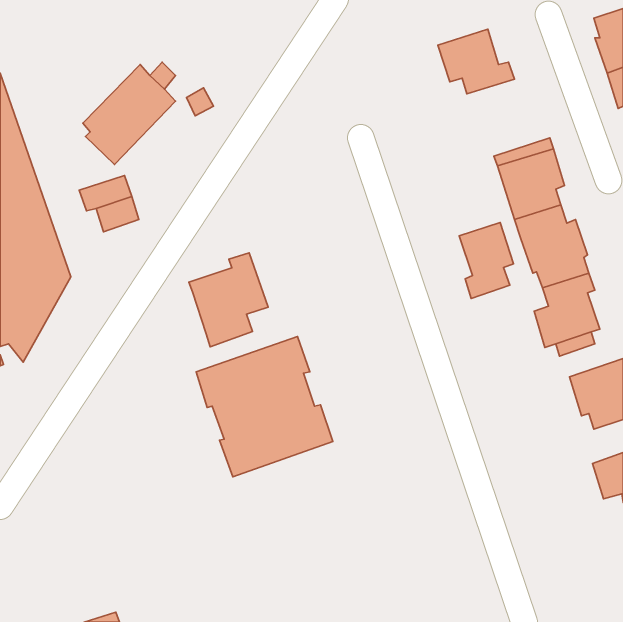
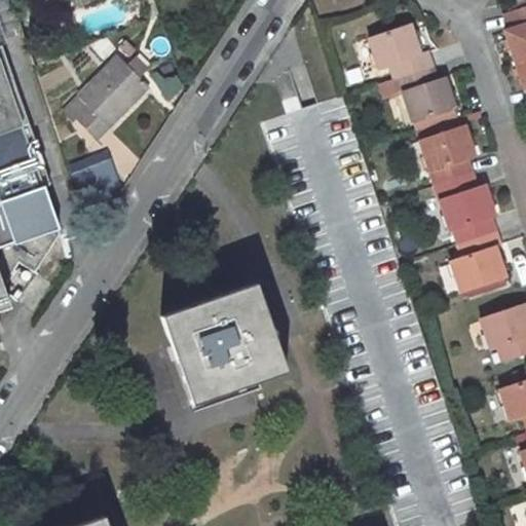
building: none -> [393,67,457,122]
building: [459,222,514,298] -> none
building: [189,253,268,347] -> none

